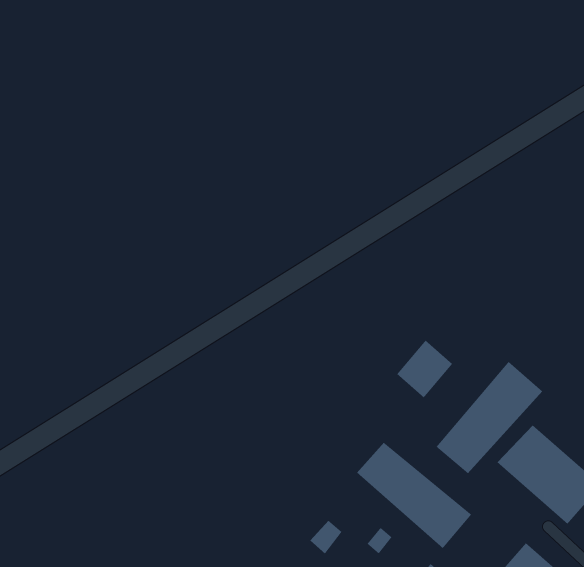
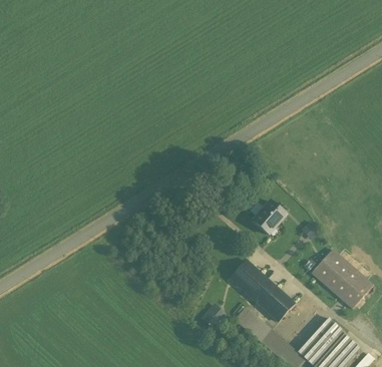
building: [436,361,543,474] -> none

